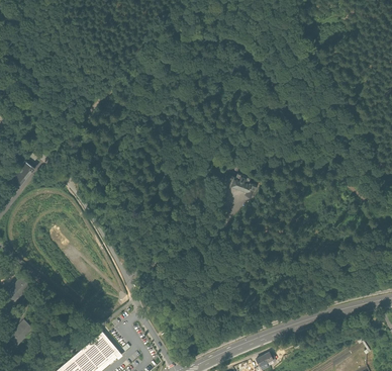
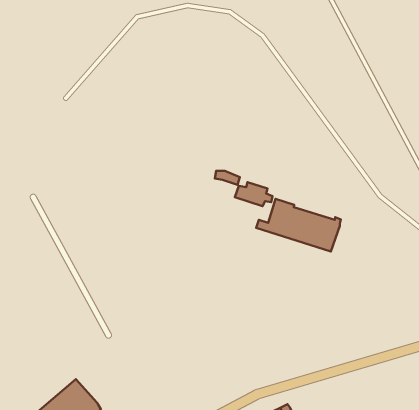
building: none -> [256,199,341,252]

